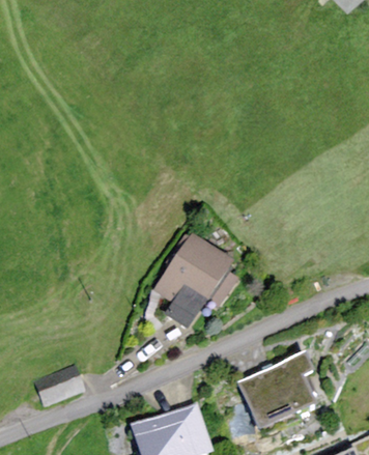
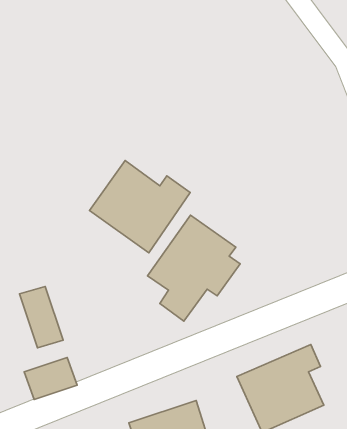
building: none -> [90,160,190,253]
building: none -> [20,286,63,348]

